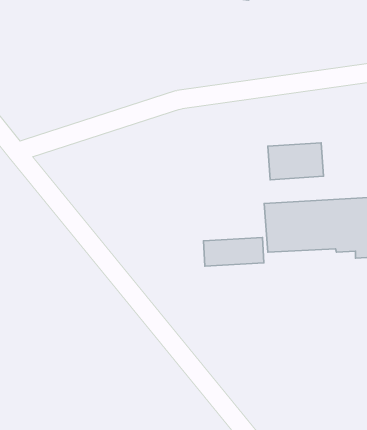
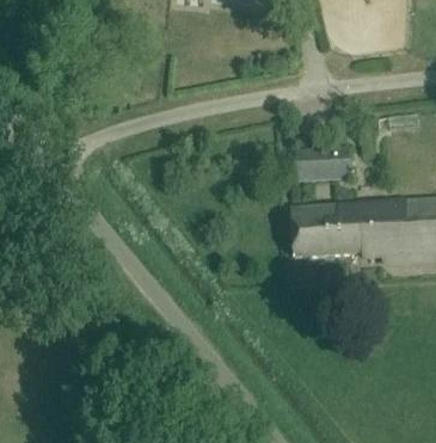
building: [204,238,264,266] -> none

